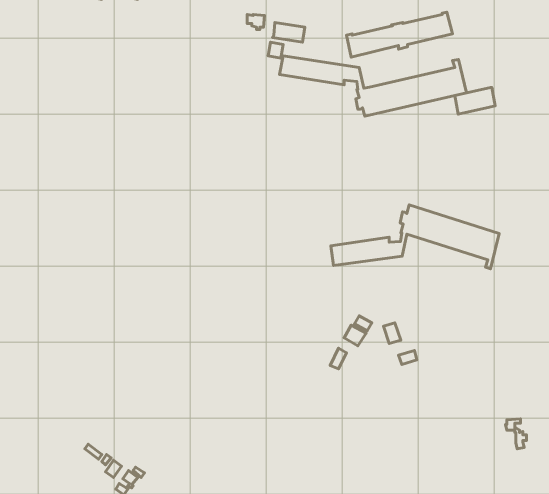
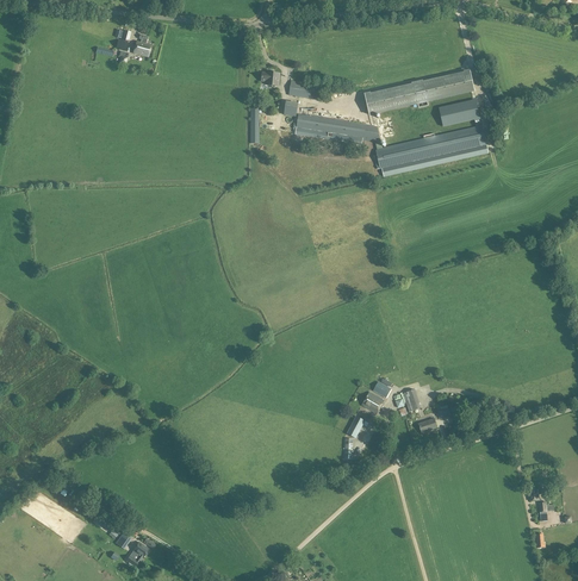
building: [455,87,495,114] -> [437,98,479,125]
building: [331,205,499,269] -> none

